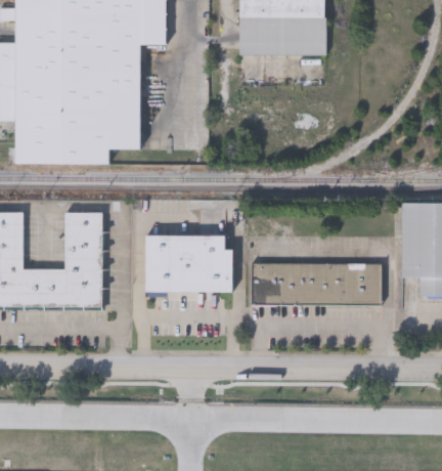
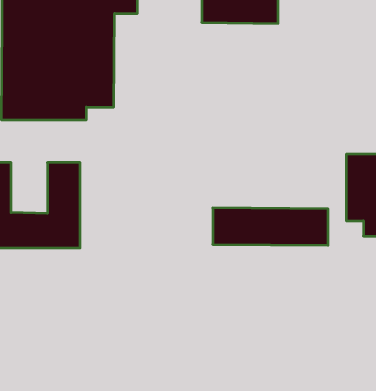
building: [144,234,231,292] -> none

